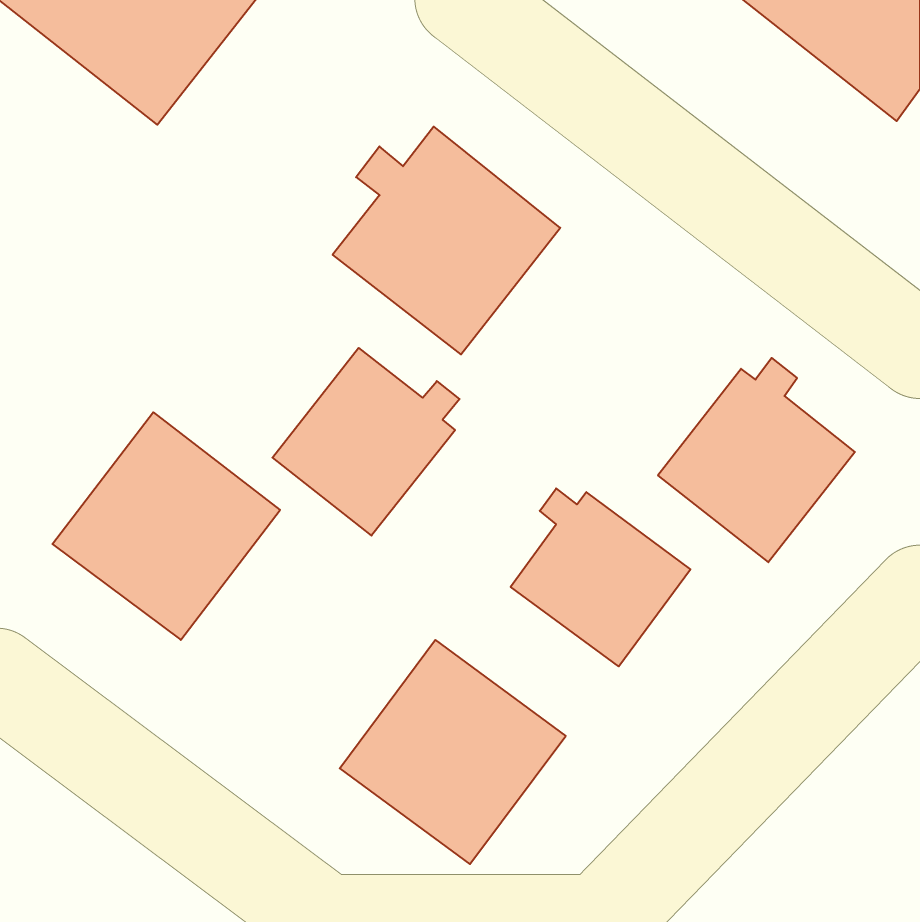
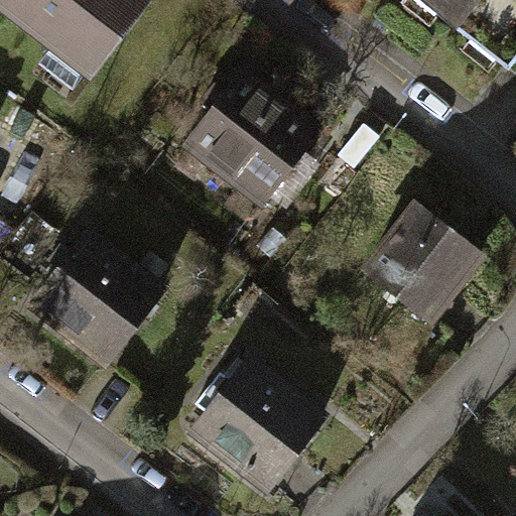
building: [272,348,460,536] -> none
building: [511,488,690,666] -> none

